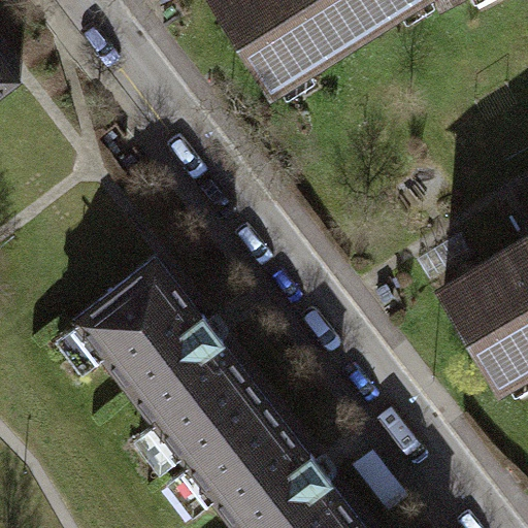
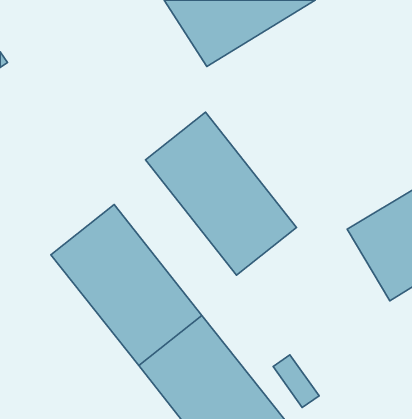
building: none -> [145,112,297,275]

